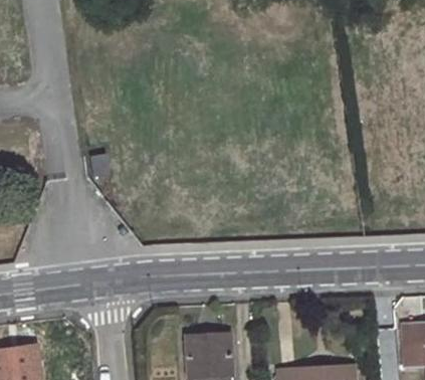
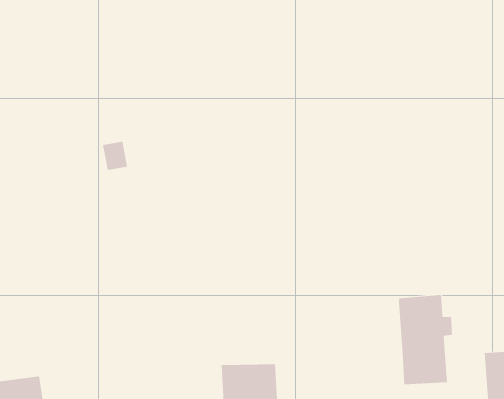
building: none -> [398,294,453,385]

